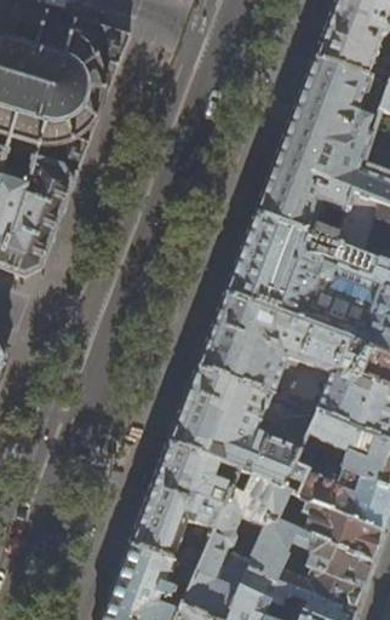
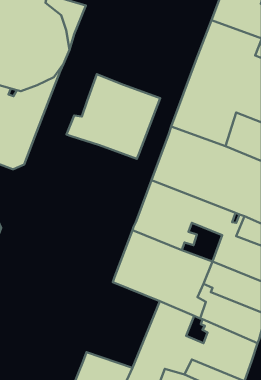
building: none -> [66,74,160,159]
building: [131,441,239,567] -> none

